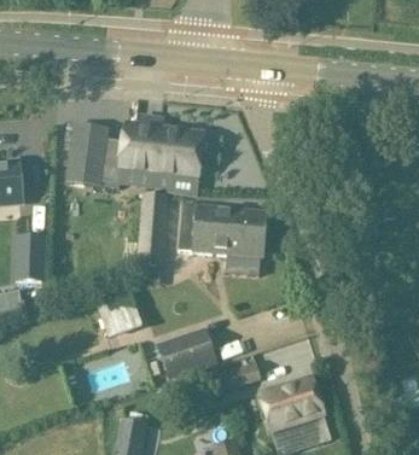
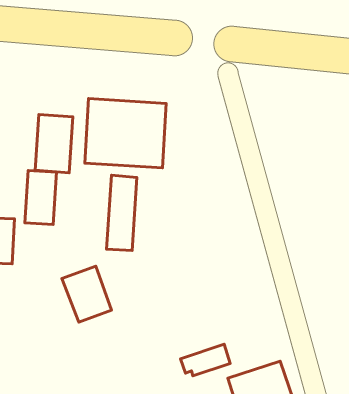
building: none -> [25,171,57,224]
building: [180,205,268,258] -> none
building: [158,328,220,381] -> none

